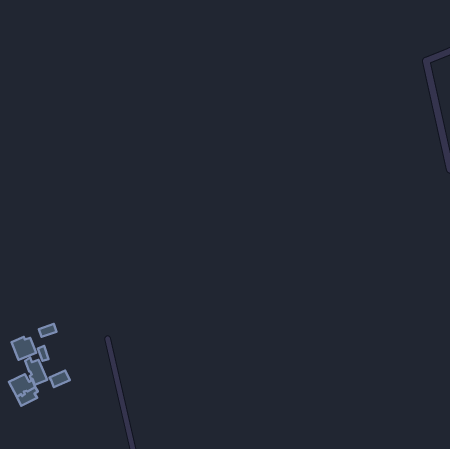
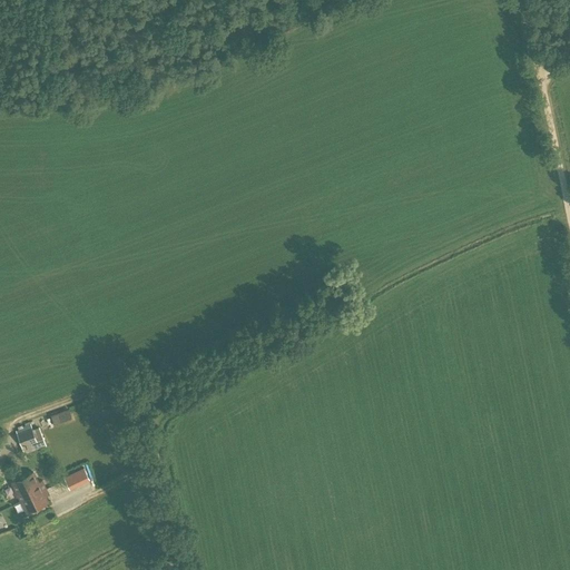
building: [25,358,47,385] -> none

